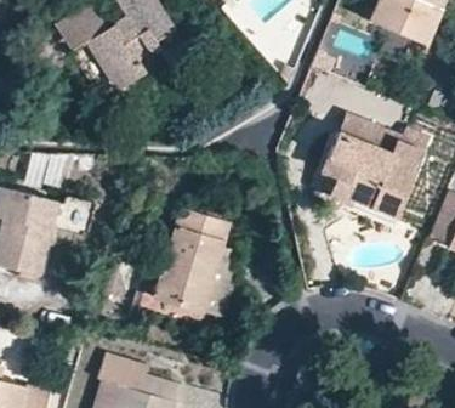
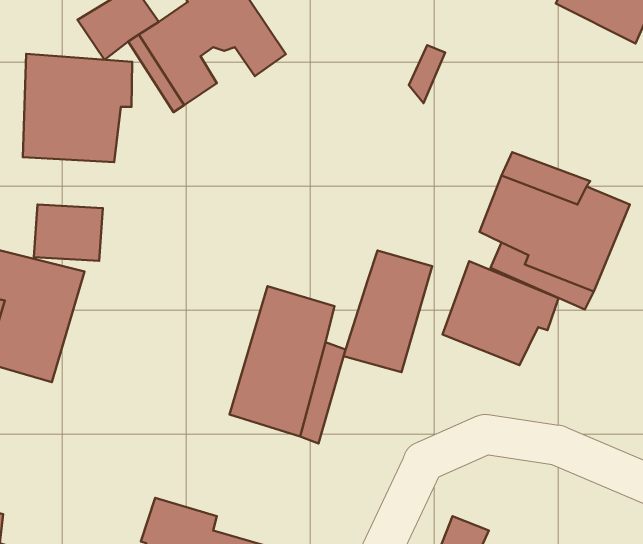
building: none -> [23,54,132,162]
building: none -> [344,251,432,372]
building: none -> [443,261,558,365]

